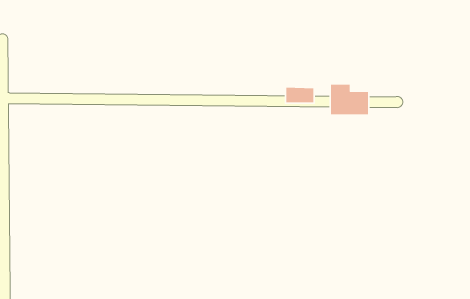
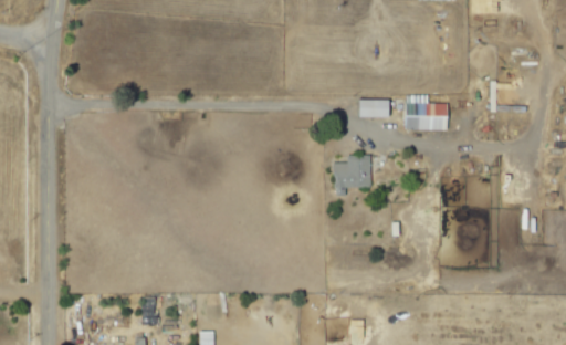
building: none -> [334,154,371,196]

